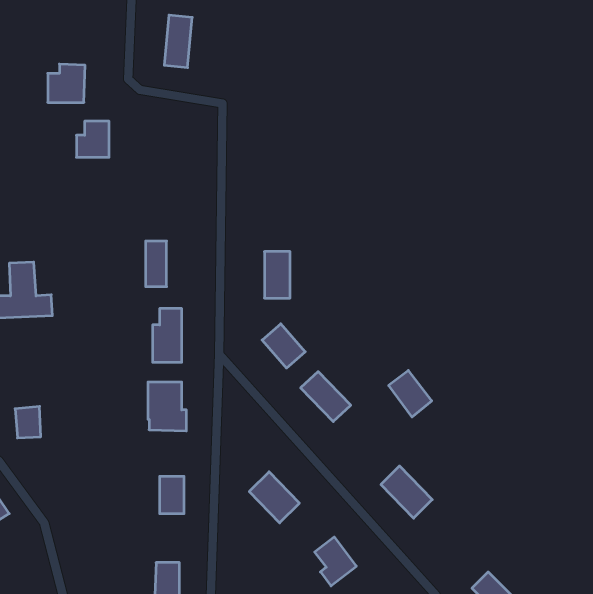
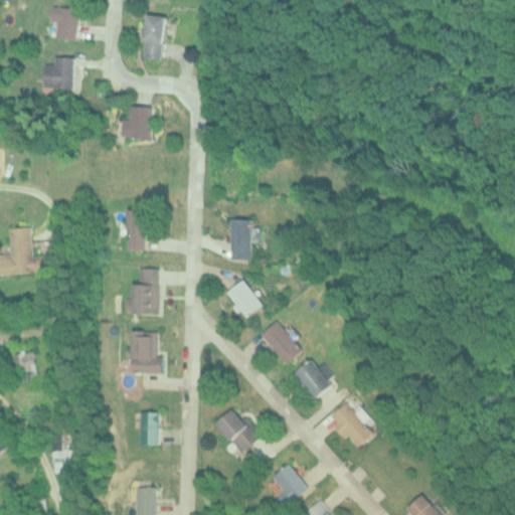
building: none -> [54,7,77,40]
building: [76,121,109,157] -> [121,107,149,138]
building: [389,370,432,417] -> [294,359,331,399]

